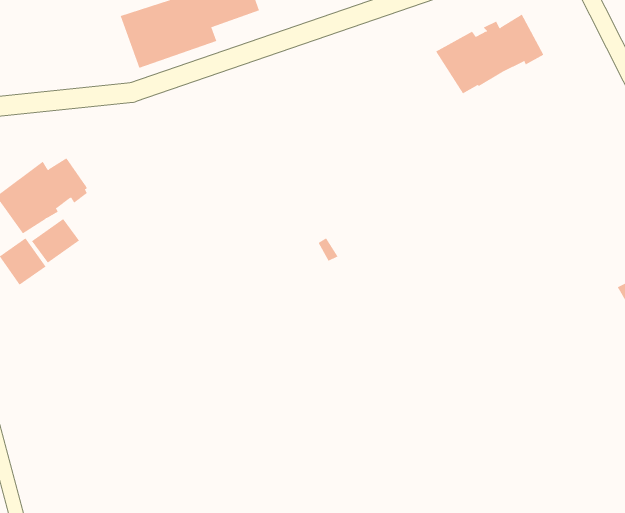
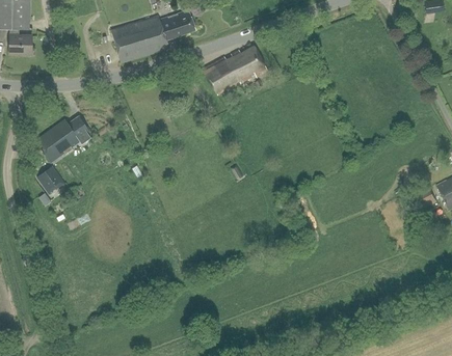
building: [435,14,544,94] -> [202,46,268,94]
building: [31,218,80,264] -> none

